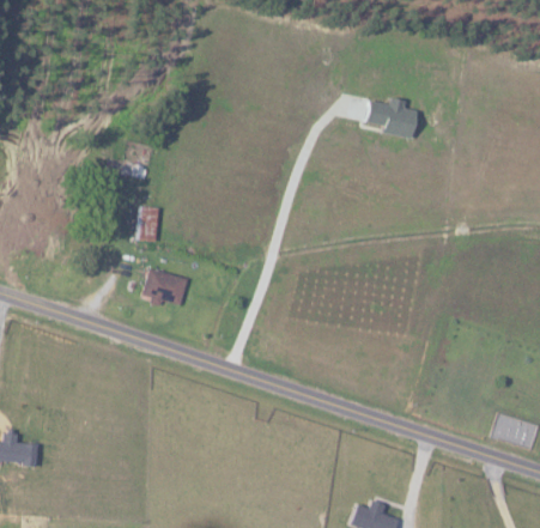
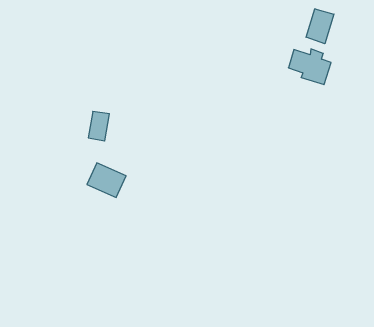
building: none -> [306,9,334,44]

